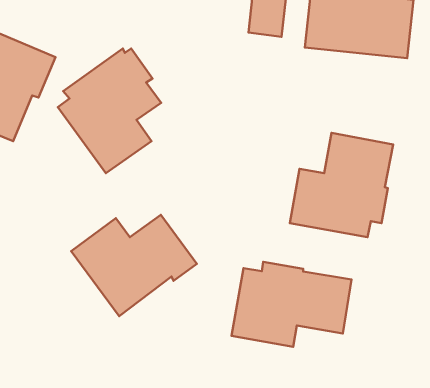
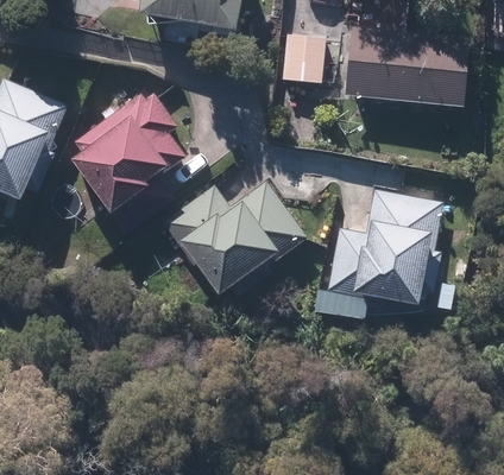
building: [71,215,197,316] -> [165,182,305,294]
building: [232,262,352,347] -> none

